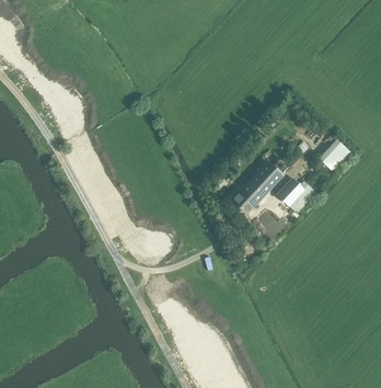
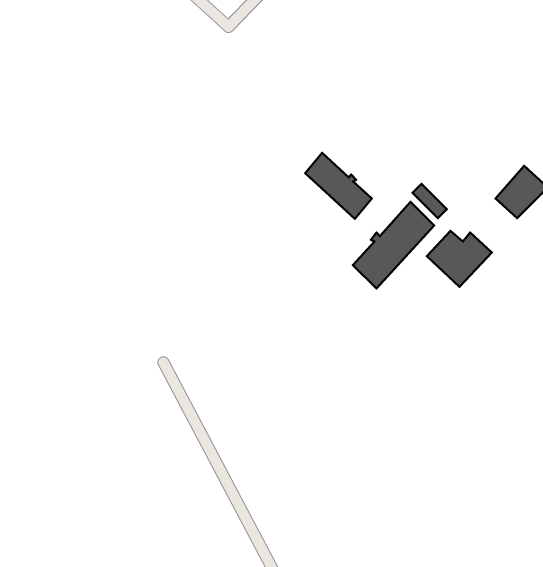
building: none -> [305,153,372,219]

